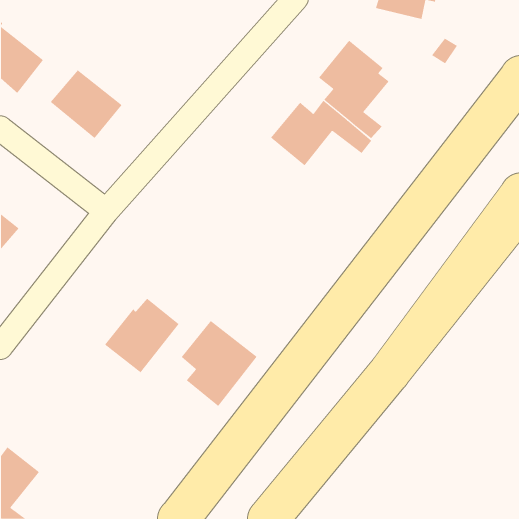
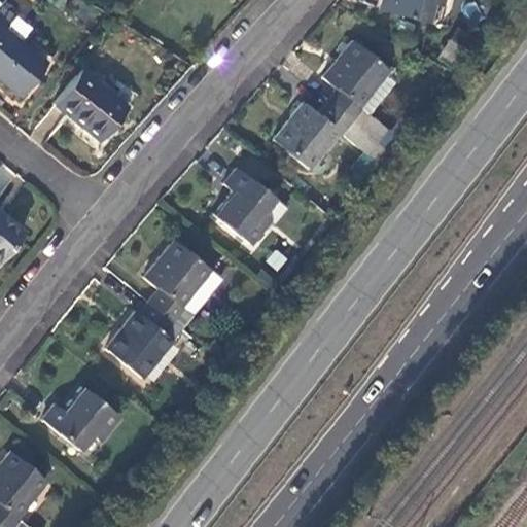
building: none -> [214,168,287,241]
building: [181,320,257,407] -> [145,240,222,327]
building: none -> [42,386,117,449]

